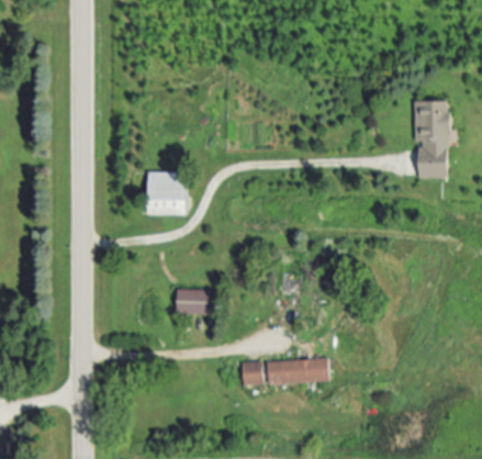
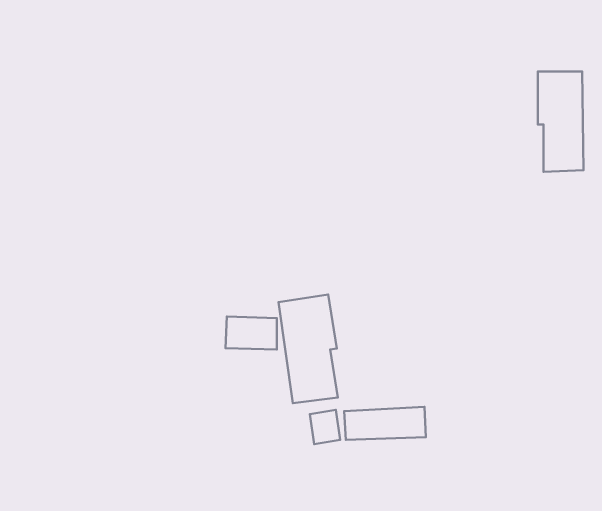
building: [144,171,186,215] -> none
building: none -> [278,295,338,403]

